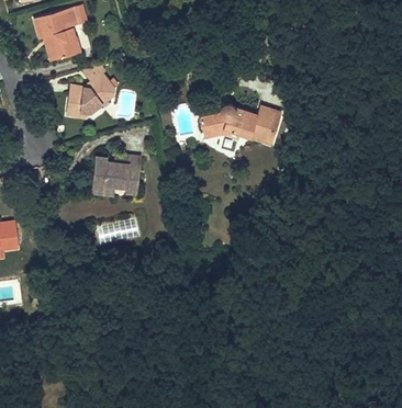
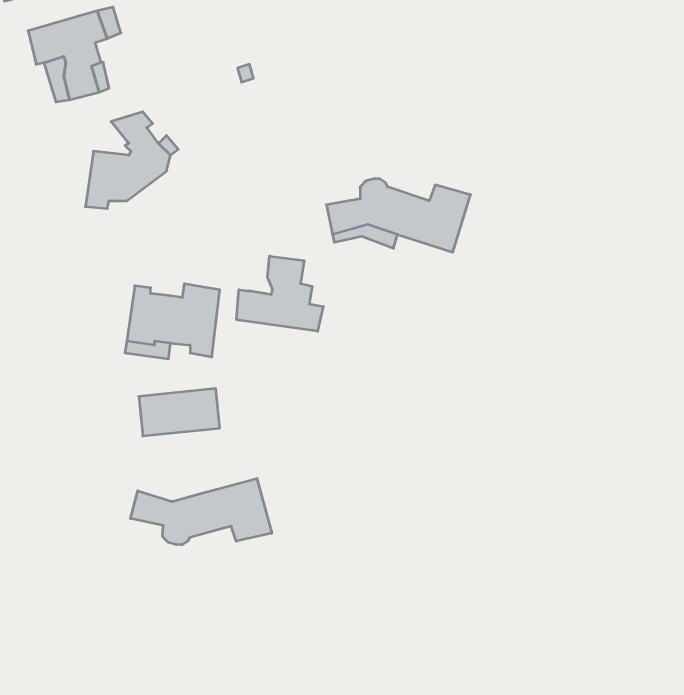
building: none -> [237,256,323,331]
building: none -> [130,478,272,545]

